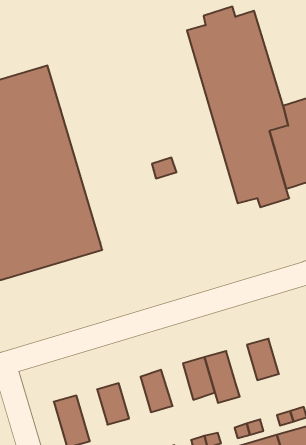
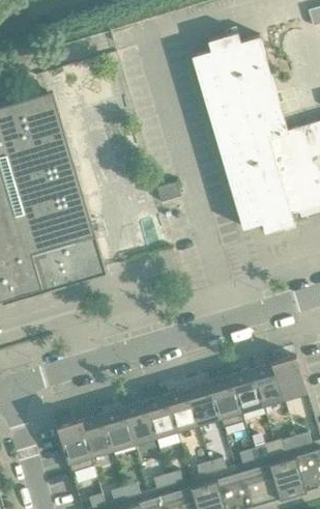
building: none -> [273,358,307,400]
building: none -> [231,371,262,413]
building: none -> [166,390,198,432]
building: none -> [123,403,155,445]
building: none -> [81,416,112,457]

